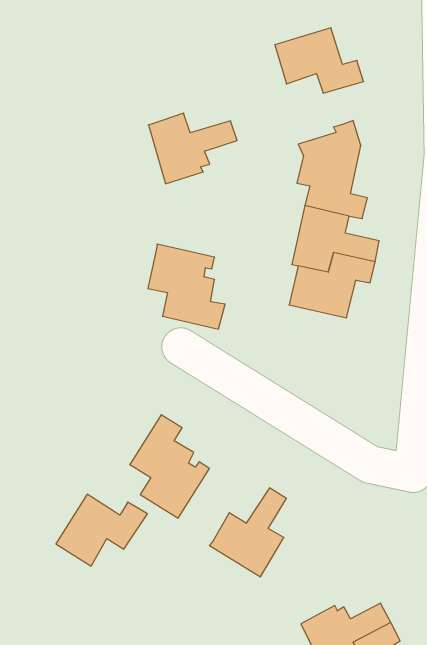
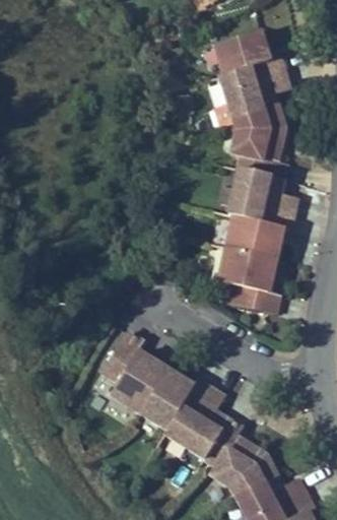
building: [148,113,237,184] -> [221,67,290,122]
building: [148,244,225,329] -> [220,247,280,313]
building: [56,494,147,566] -> [141,374,212,430]
building: none -> [205,418,278,495]

